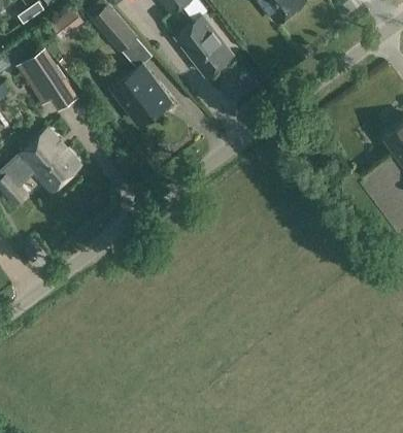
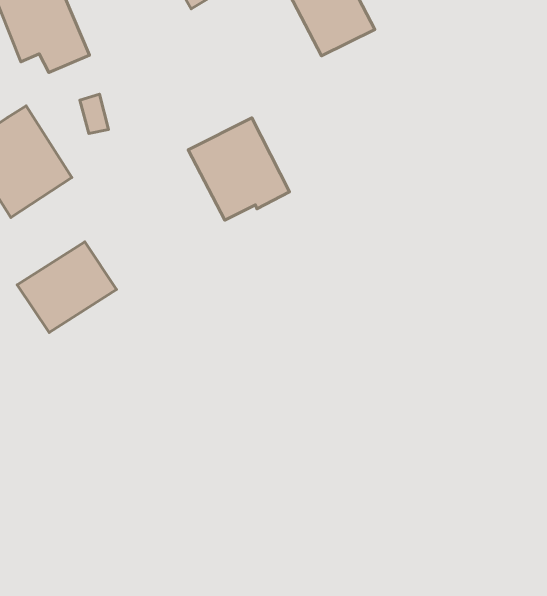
building: [111,64,171,123] -> [188,118,290,220]
building: none -> [17,242,116,332]

